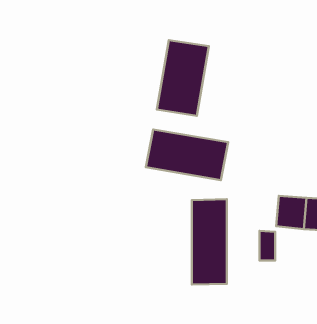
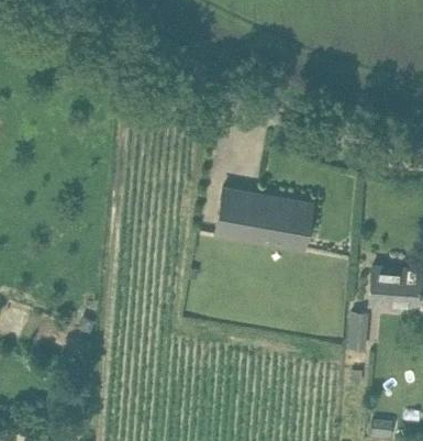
building: [157,40,209,116] -> none
building: [192,199,227,285] -> none

